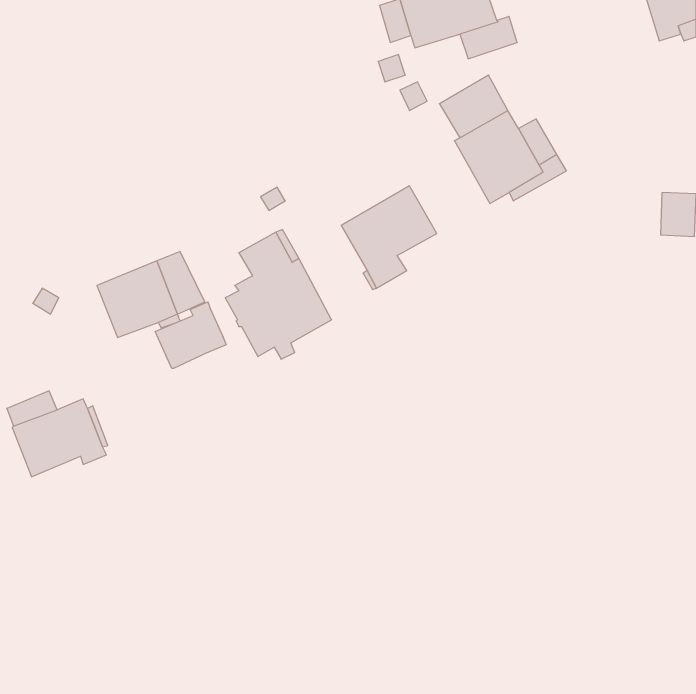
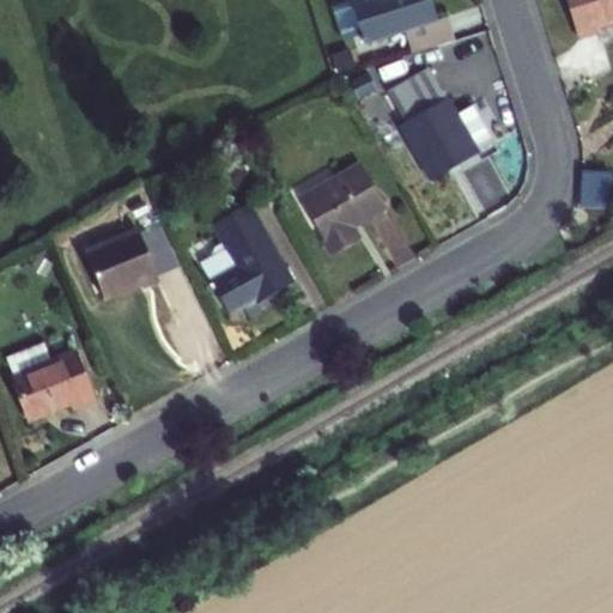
building: [155,302,226,368] -> none

